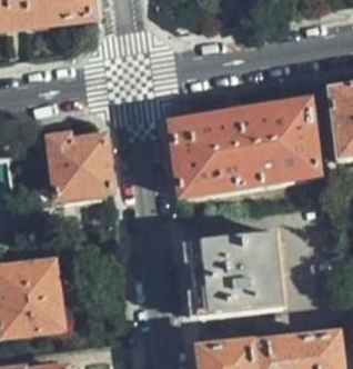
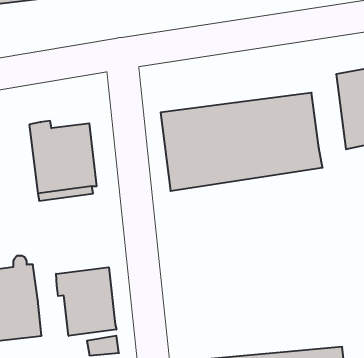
building: [190,230,282,318] -> none
building: none -> [56,267,116,336]

